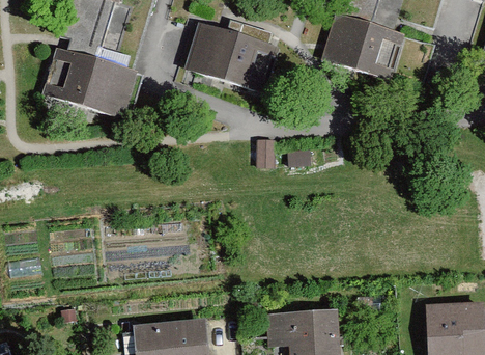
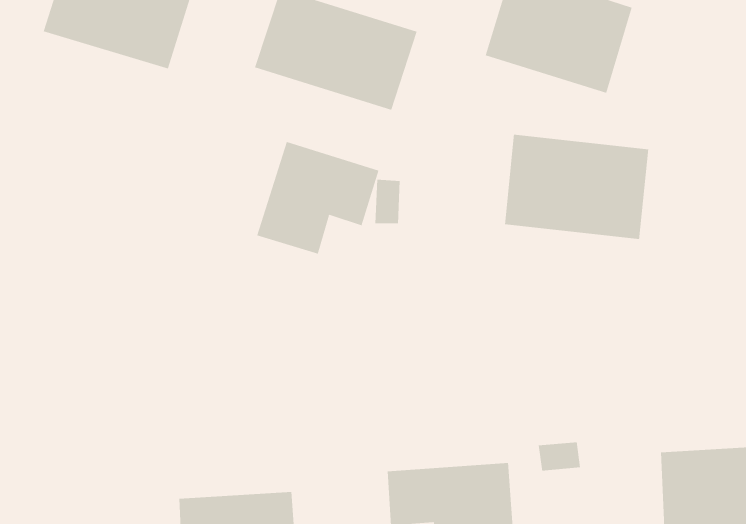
building: [42,47,141,119] -> none
building: none -> [505,134,649,240]
building: none -> [257,141,379,254]

